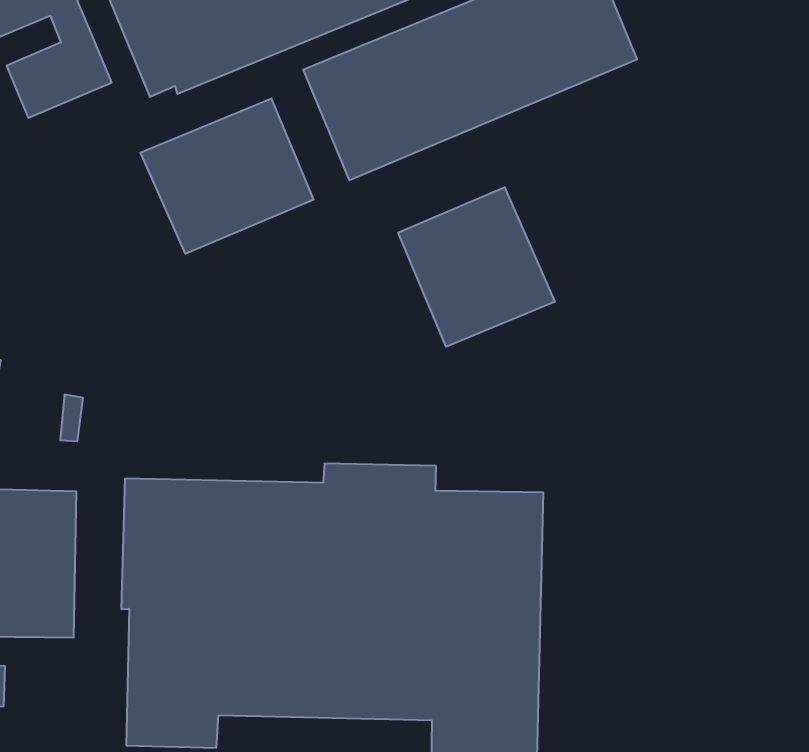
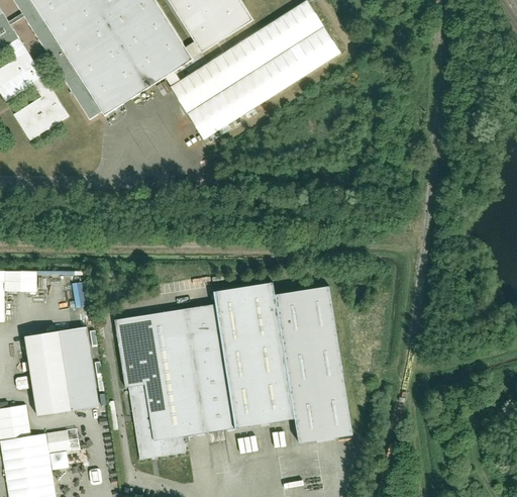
building: [140,98,314,254] -> none
building: [398,187,555,347] -> none

